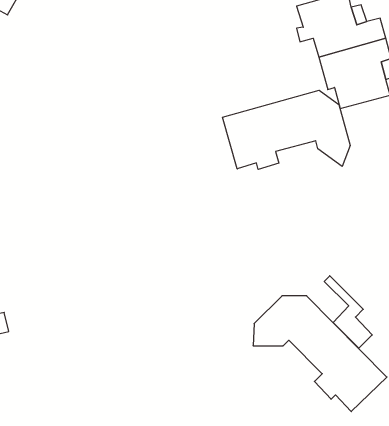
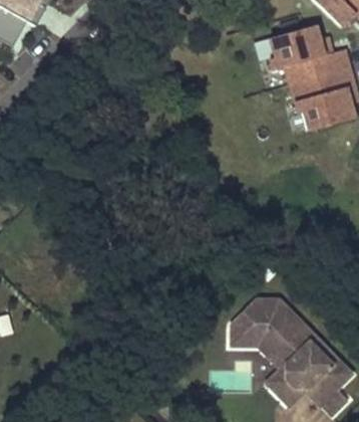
building: [222,90,350,169] -> none
building: [324,276,372,348] -> [258,341,301,406]

